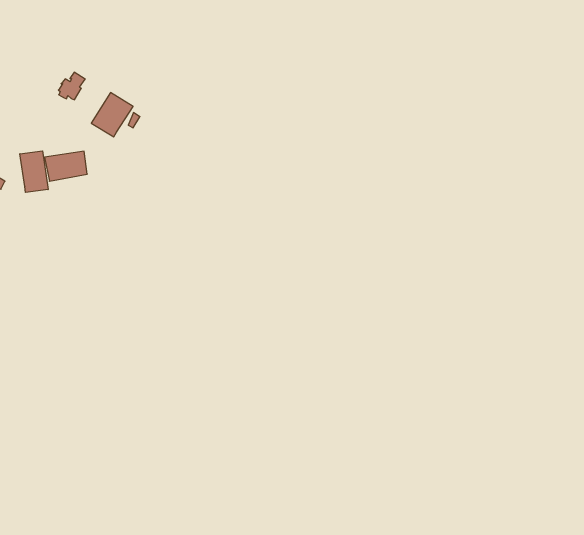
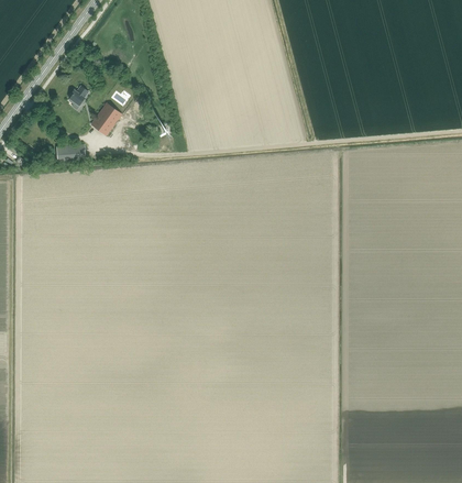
building: [20,151,48,192] -> none

